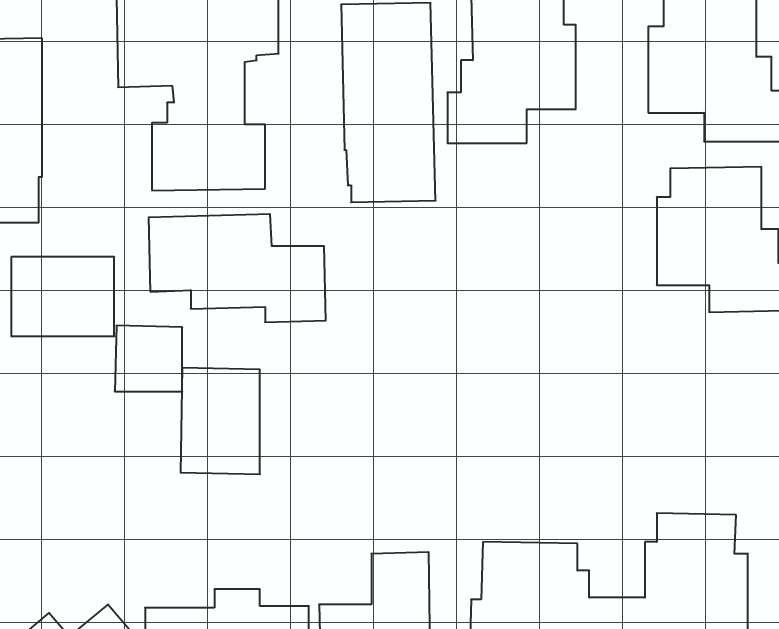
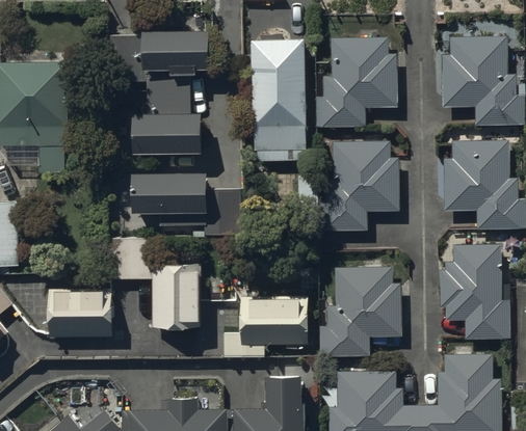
building: none -> [319,142,398,232]
building: [11,257,114,336] -> [50,289,113,338]
building: none -> [437,243,506,339]
building: none -> [320,268,400,357]
building: none -> [223,295,308,356]

